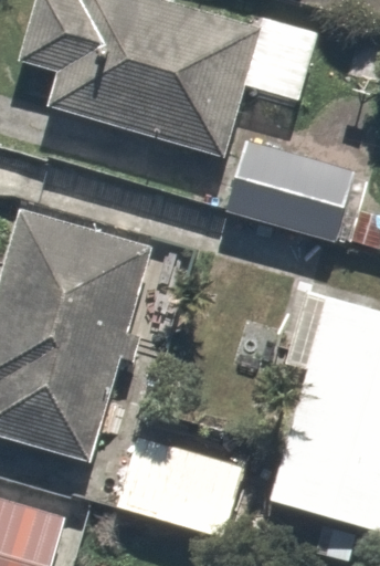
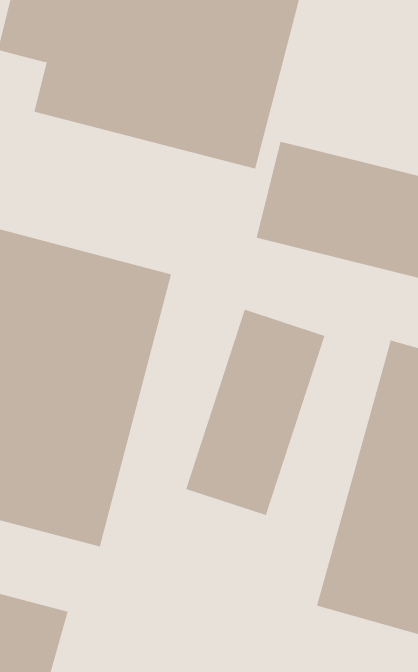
building: none -> [185,309,325,516]
building: [118,431,254,545] -> none

